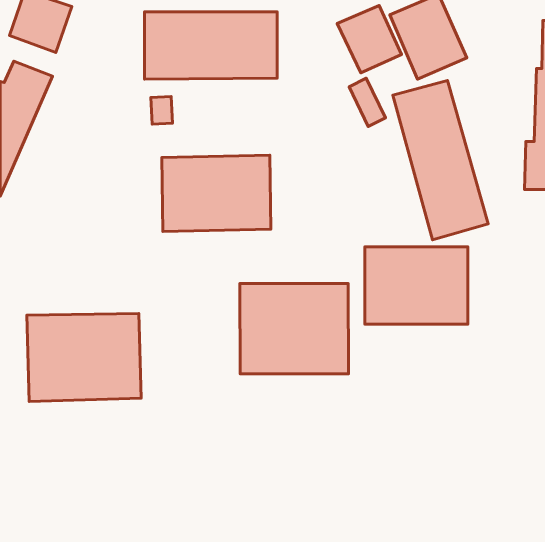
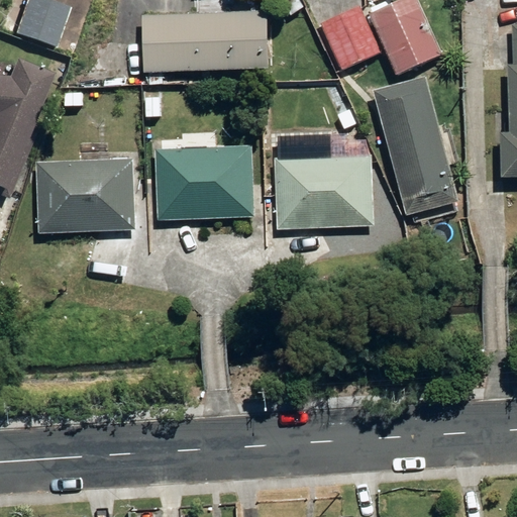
building: none -> [33,160,135,232]
building: [365,247,468,324] -> [276,153,373,226]
building: [240,284,348,374] -> none
building: [27,313,141,401] -> none

